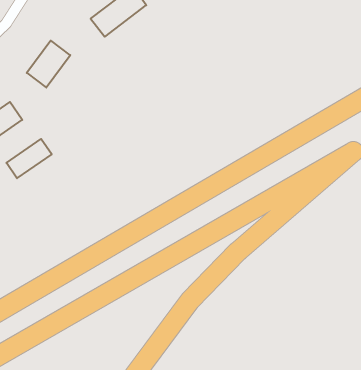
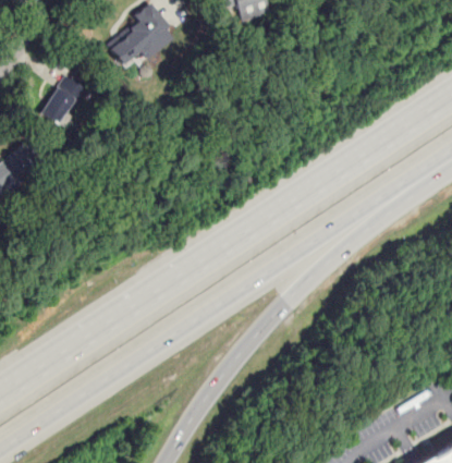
building: [6,139,52,178] -> none

